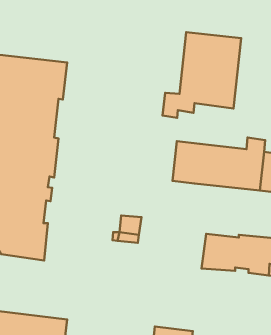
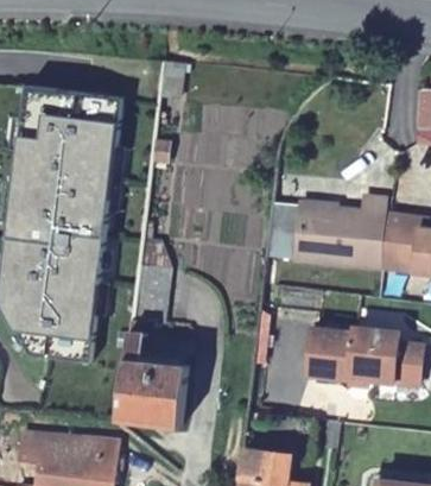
building: [162,32,241,118] -> none
building: none -> [122,326,188,421]

